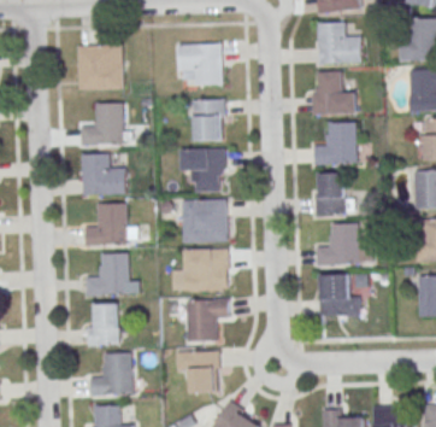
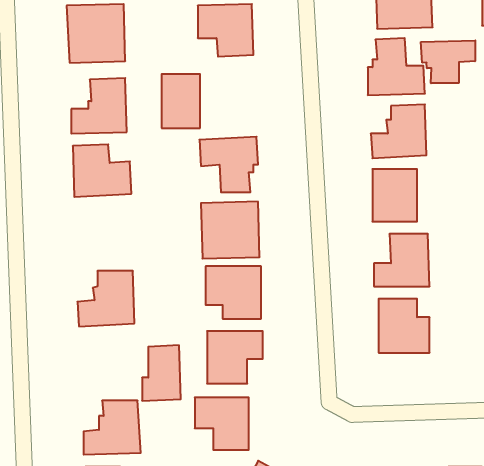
building: none -> [421,40,475,83]
building: [194,99,224,141] -> [162,74,200,128]
building: [84,201,129,245] -> none
building: [89,300,119,344] -> [142,345,181,401]

